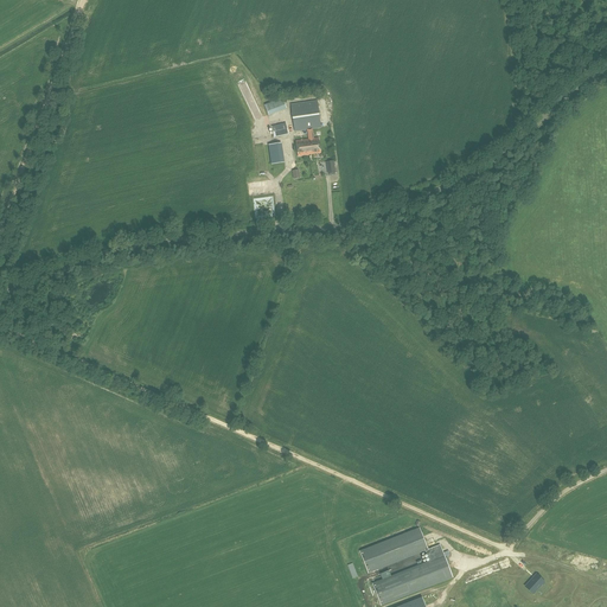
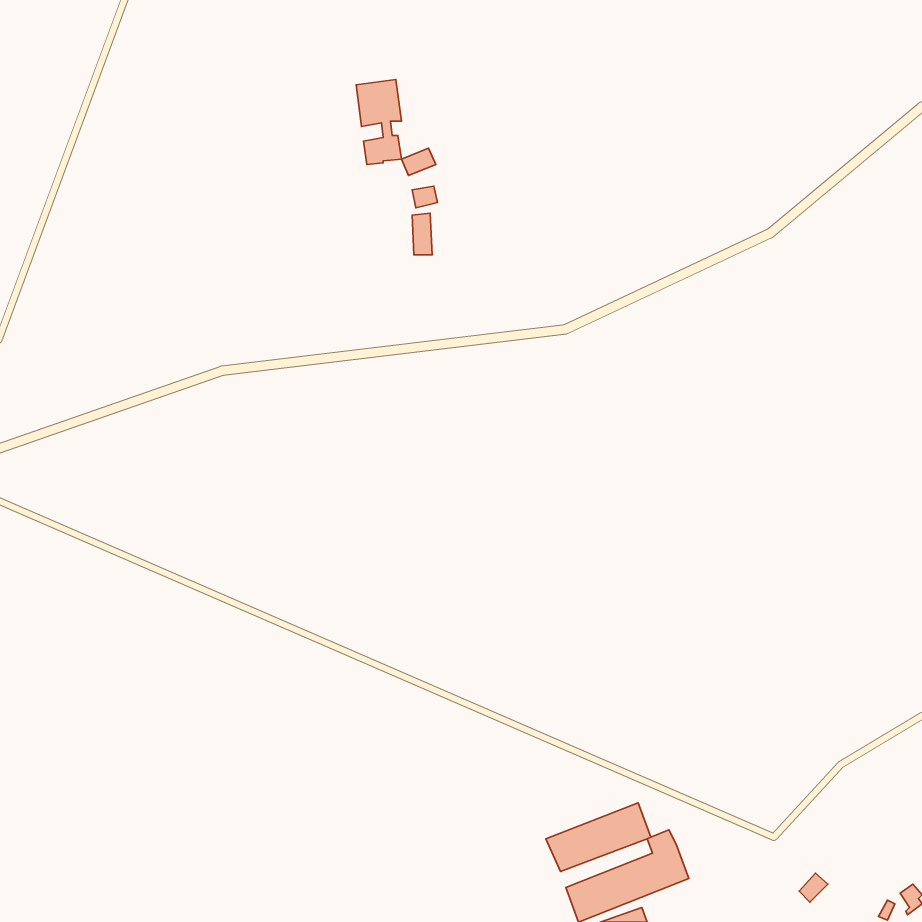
building: [289,100,319,155] -> [356,80,401,165]

